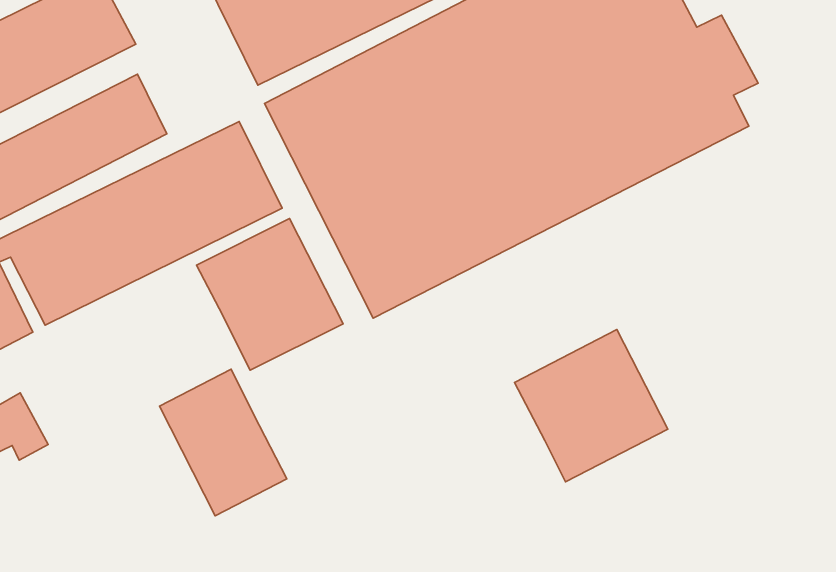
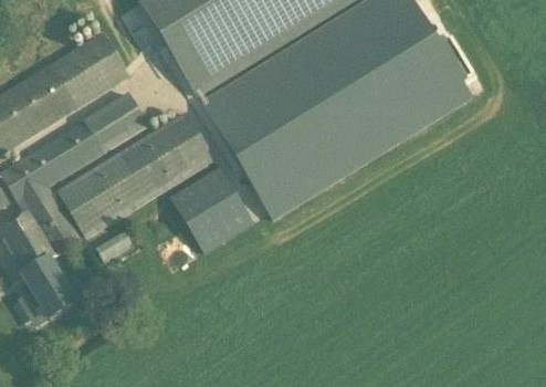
building: [515,329,668,482] -> none
building: [160,369,287,516] -> none

